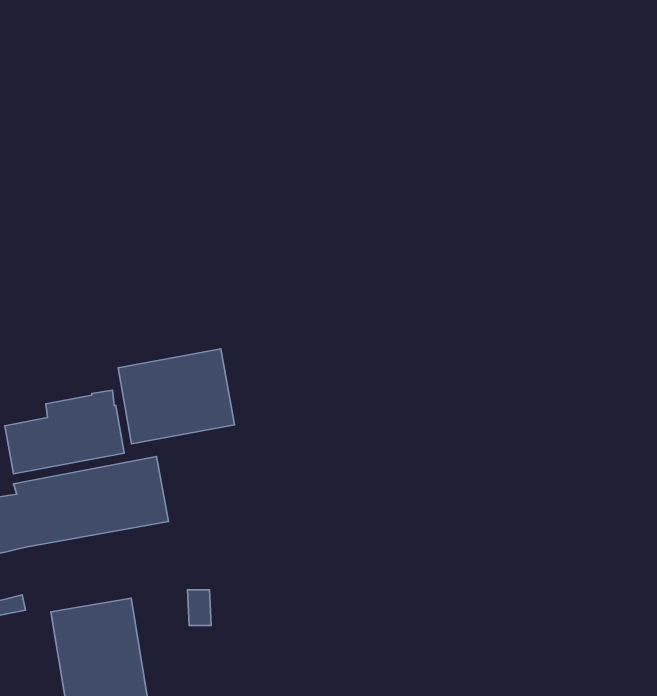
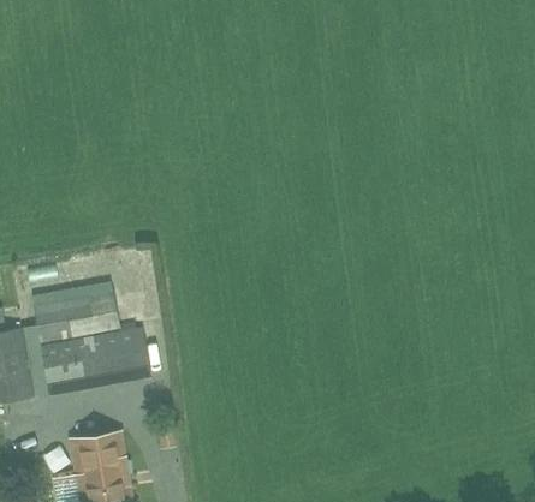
building: [118,349,235,444] -> none

